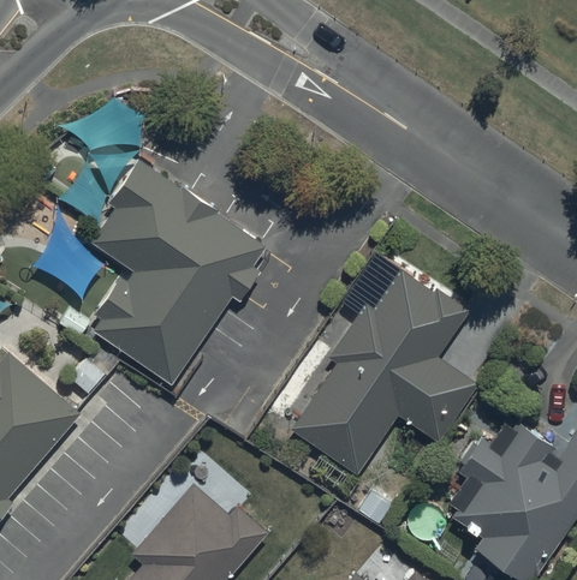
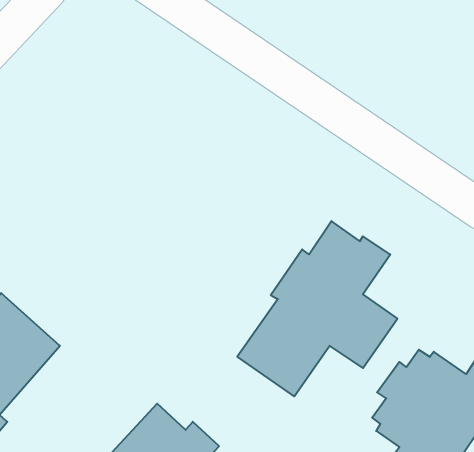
building: [90,159,264,385] -> none

